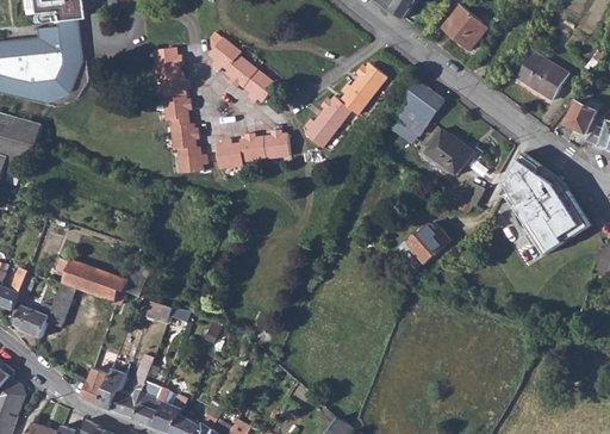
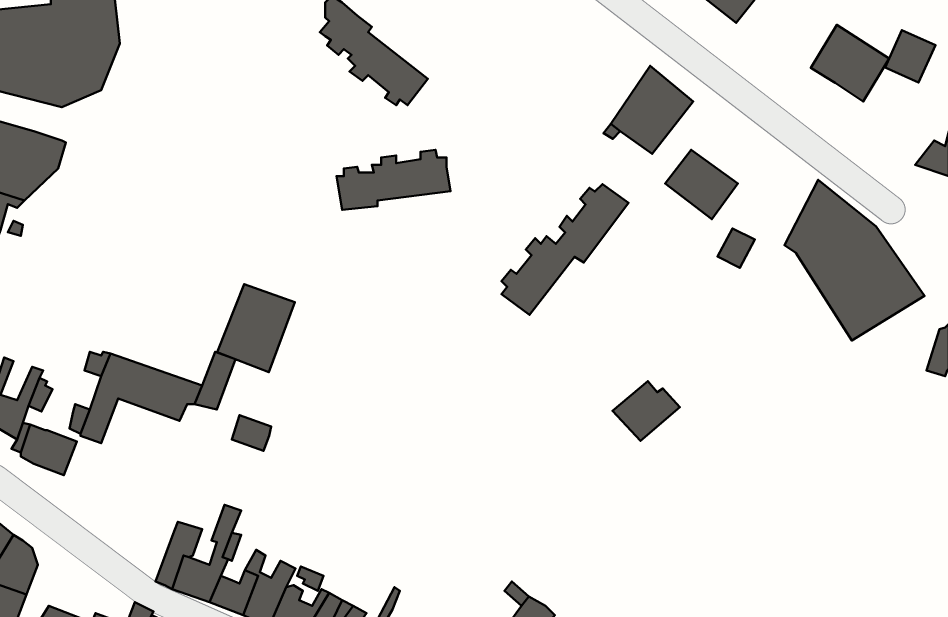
building: [154,46,191,122] -> none
building: [304,64,385,148] -> [502,184,629,315]
building: [565,100,597,134] -> [885,30,935,83]
building: [172,124,206,173] -> none
building: none -> [217,284,295,372]
building: [406,222,449,260] -> [612,381,680,441]
building: [82,366,112,405] -> none

